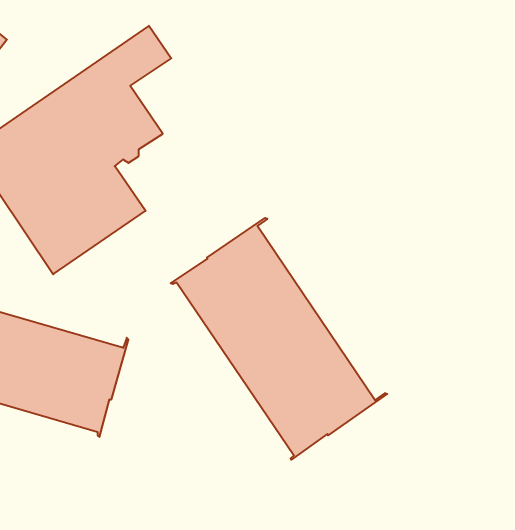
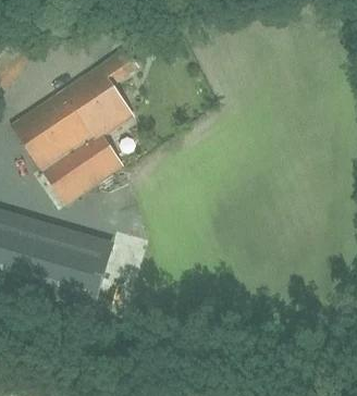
building: [171,218,387,460] -> none

